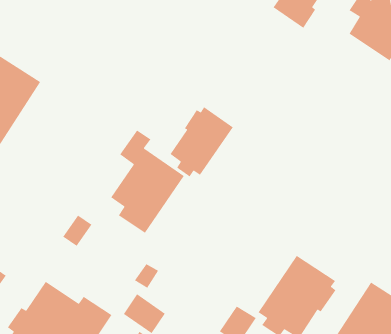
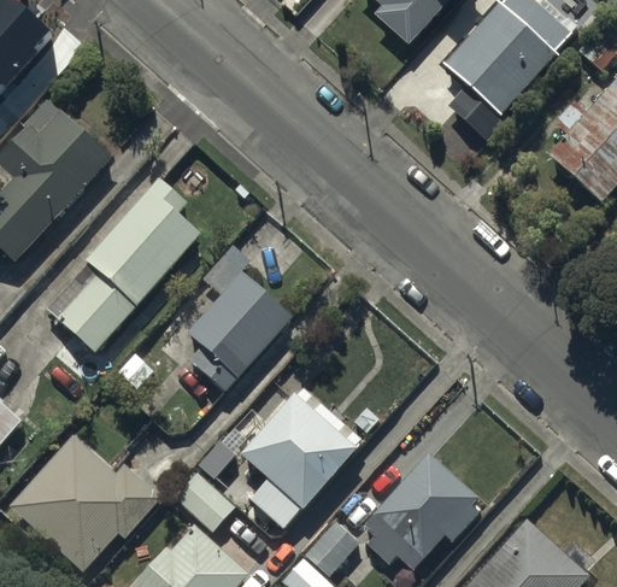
building: none -> [47,181,199,352]
building: [169,106,234,178] -> none
building: none -> [242,387,362,529]

